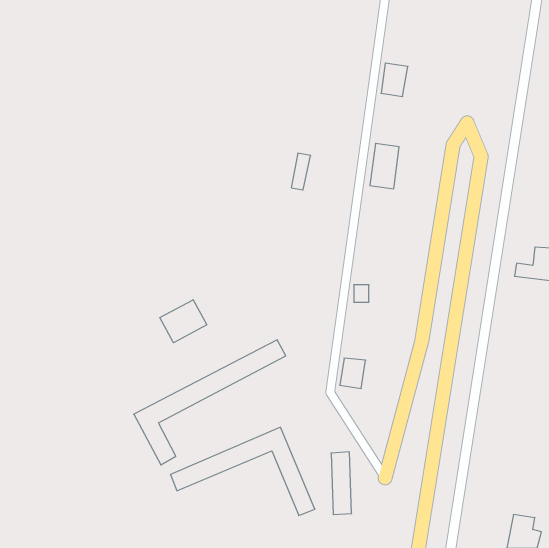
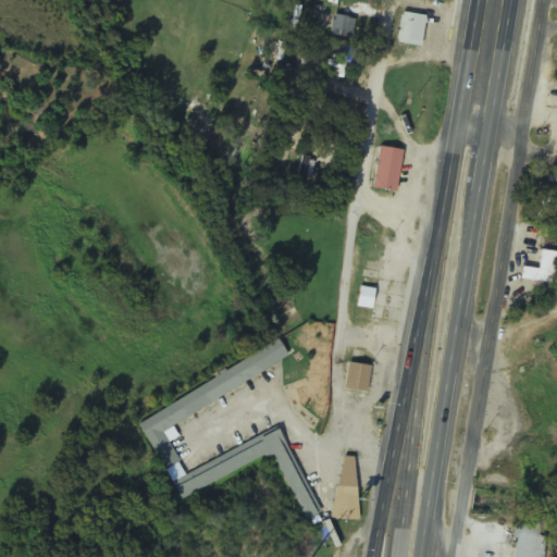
building: none -> [332,13,358,37]
building: [381,63,408,97] -> [399,11,426,45]
building: [160,300,207,343] -> none

